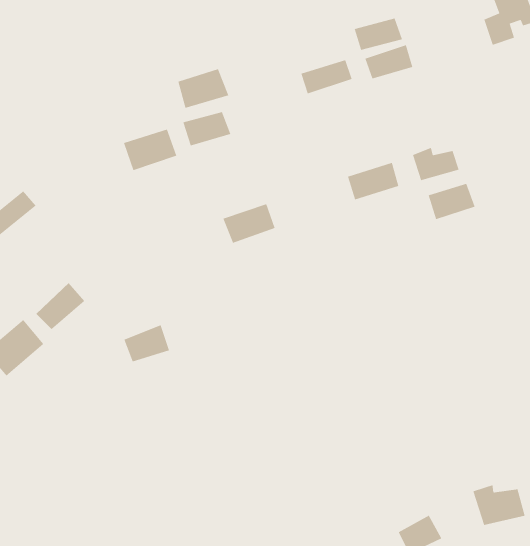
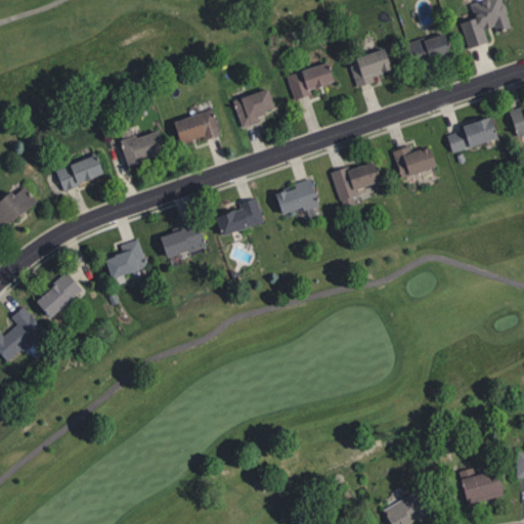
building: [354,18,403,50] -> [407,33,453,63]
building: [177,68,229,109] -> [231,88,280,126]
building: none -> [53,154,107,192]
building: [428,183,475,220] -> [451,120,496,155]
building: none -> [275,182,319,214]
building: none -> [159,222,204,258]
building: [123,324,170,362] -> [104,244,148,279]

